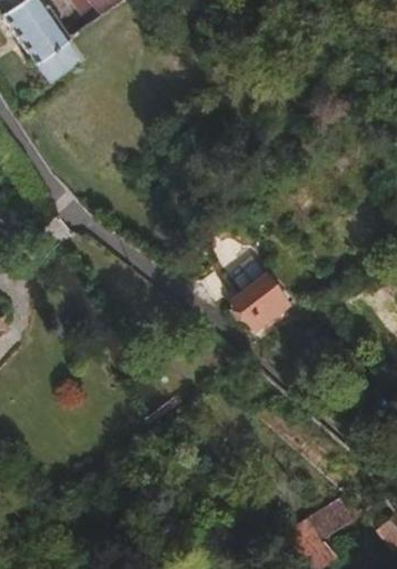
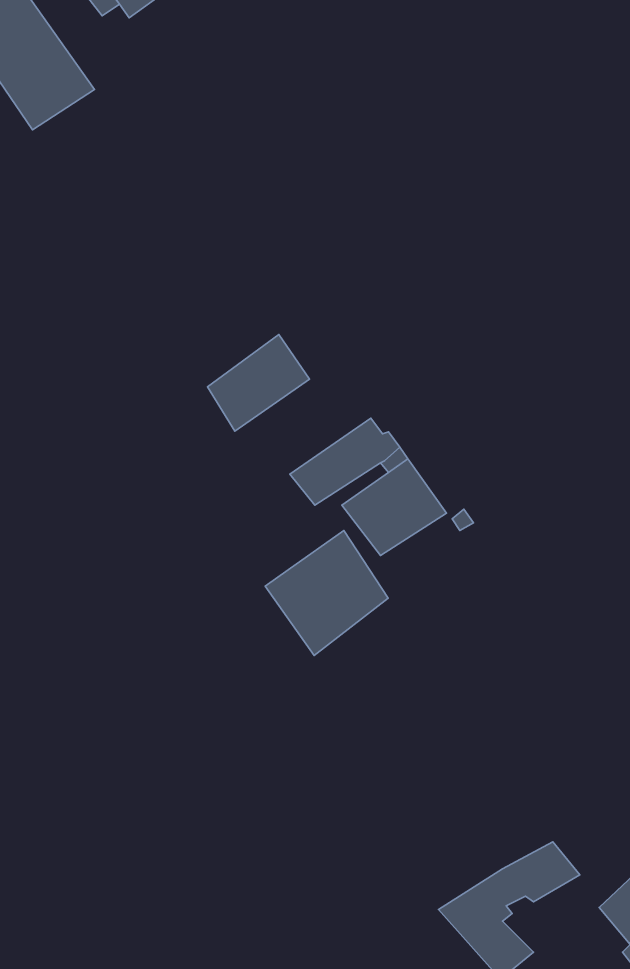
building: none -> [208,334,309,431]
building: none -> [265,530,388,656]

